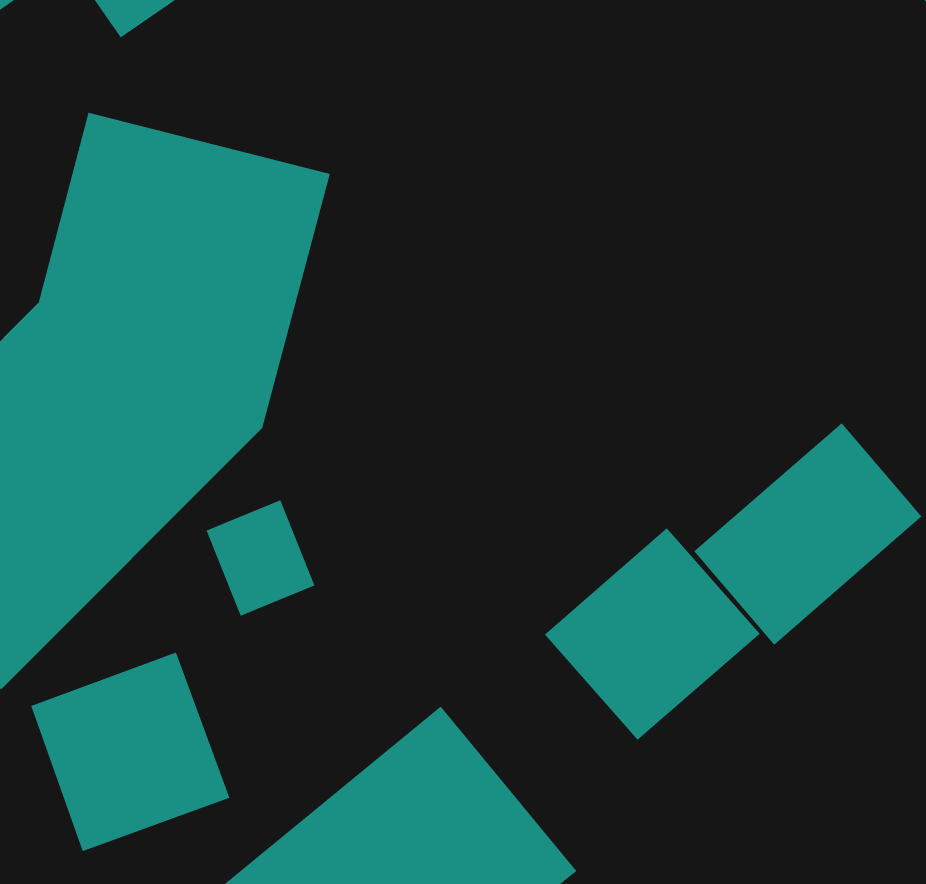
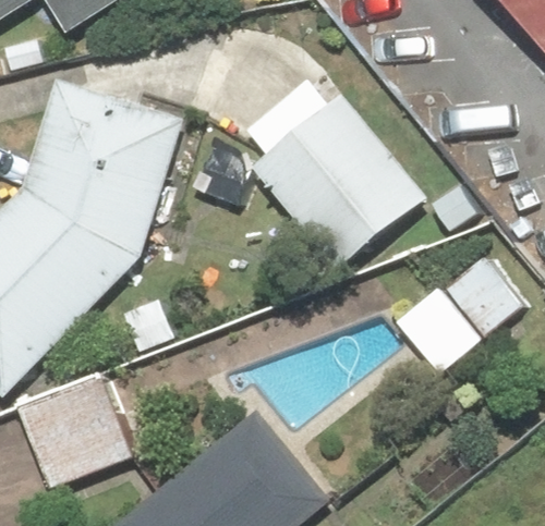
building: none -> [239,94,423,266]
building: [544,527,761,741] -> none

